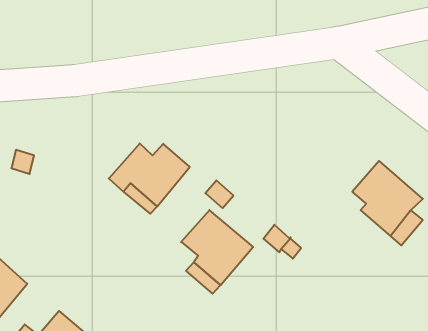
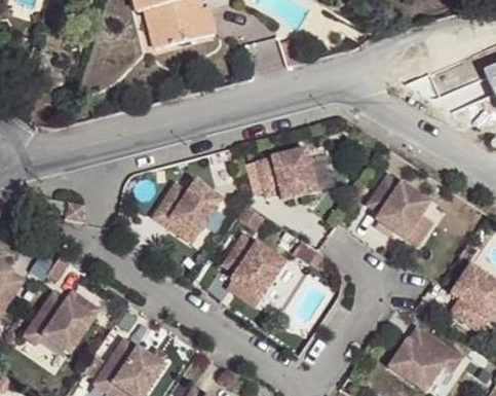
building: none -> [256,149,317,202]

